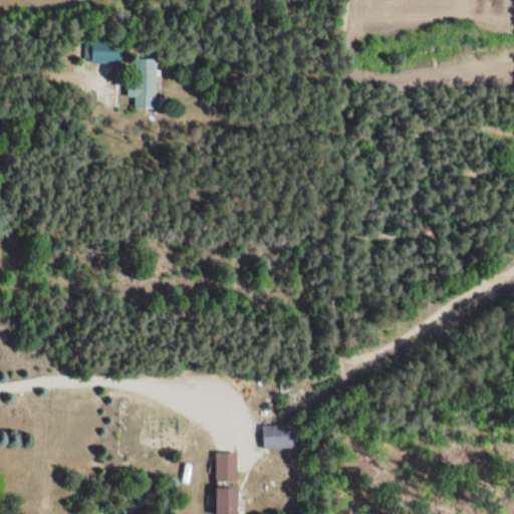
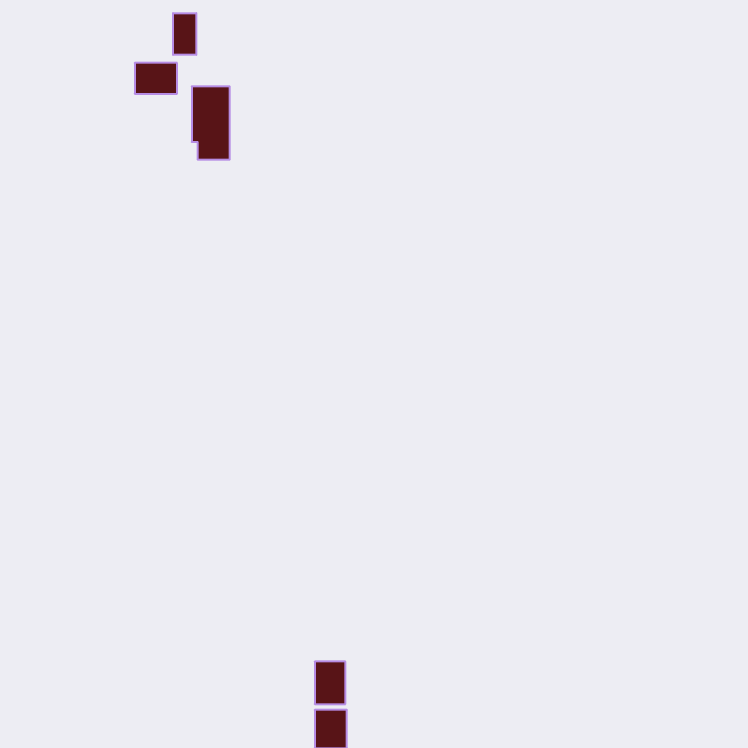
building: none -> [173,13,196,55]
building: [262,426,291,448] -> none

